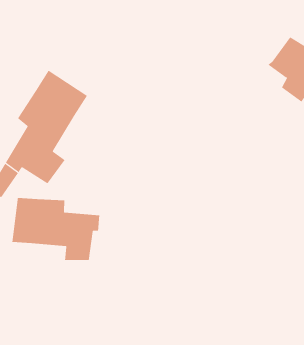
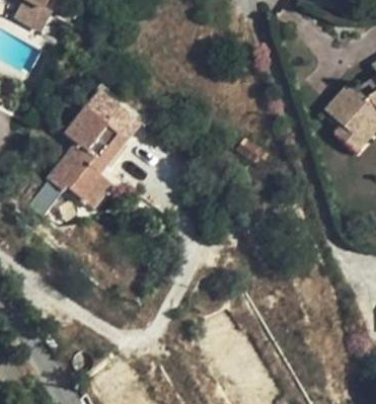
building: [12,197,100,261] -> none

